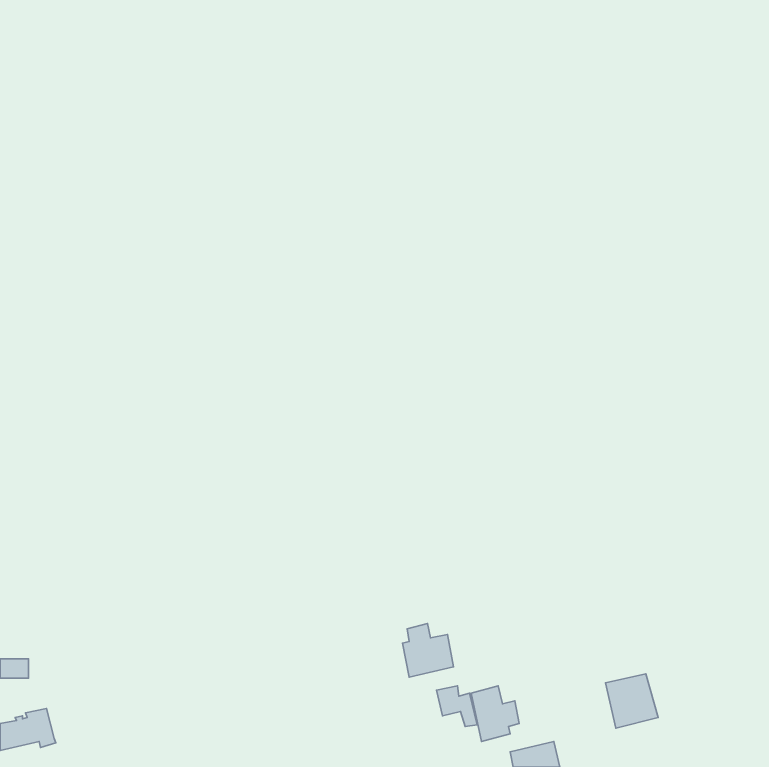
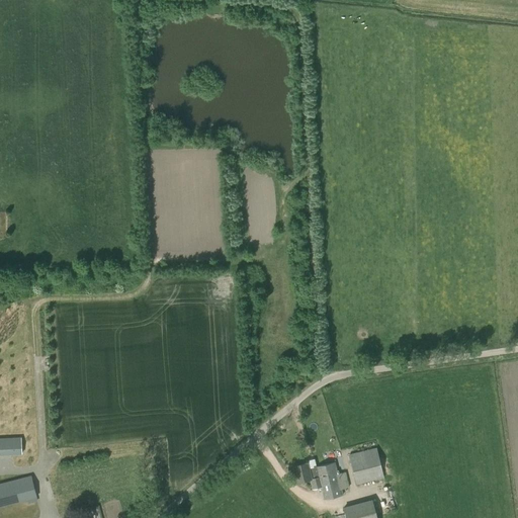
building: [402,623,454,677] -> none
building: [605,674,658,728] -> [349,447,384,484]

